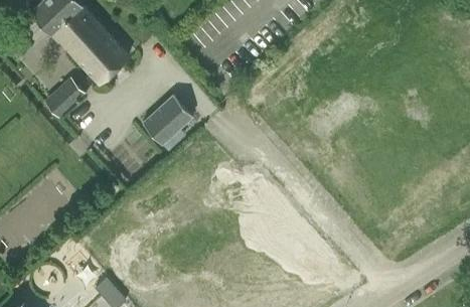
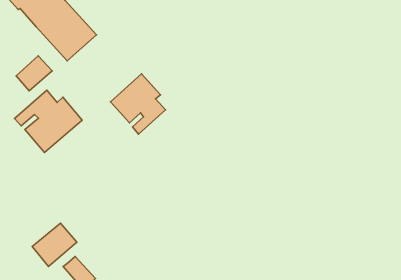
building: none -> [15,90,82,153]
building: none -> [32,223,77,267]

